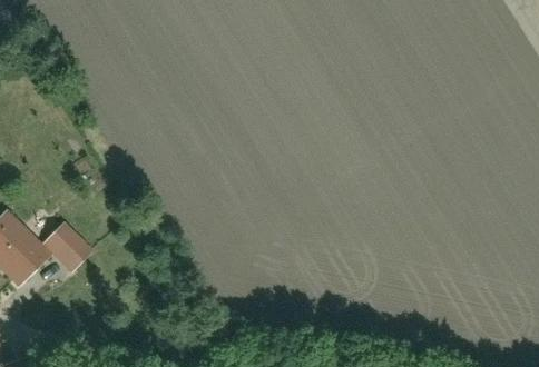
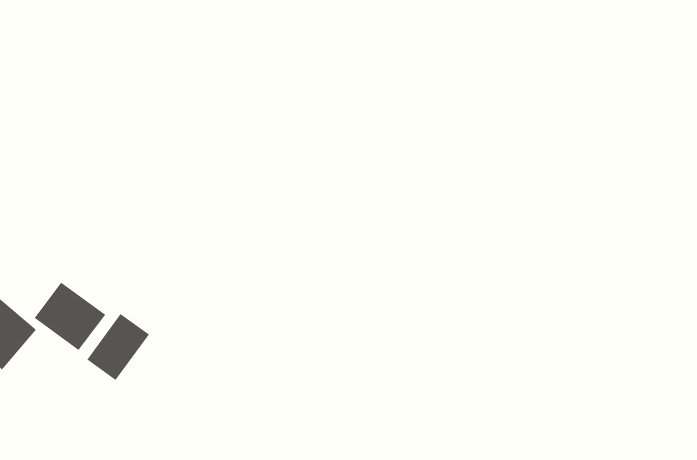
building: none -> [86,313,150,381]

